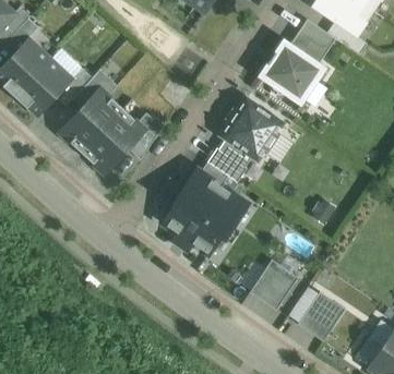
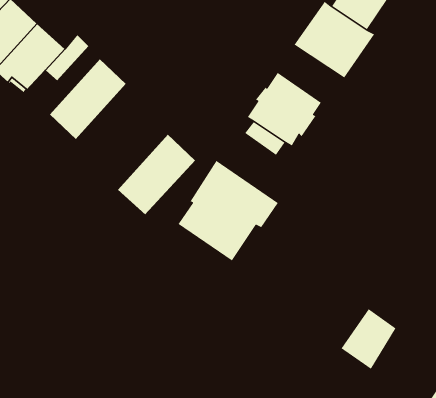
building: [81,108,145,174] -> [117,134,196,215]
building: [207,147,247,182] -> none
building: [250,260,298,310] -> none

